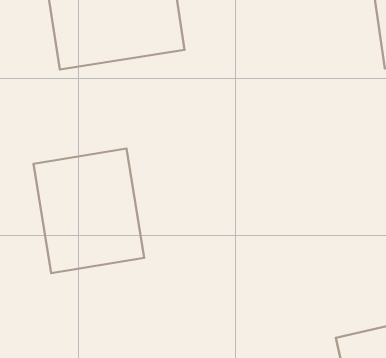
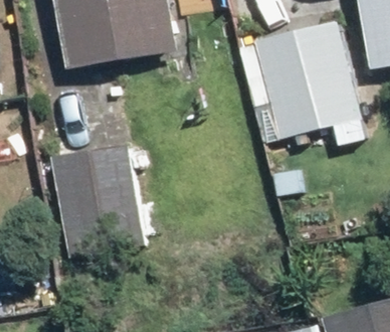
building: none -> [253,17,361,142]

